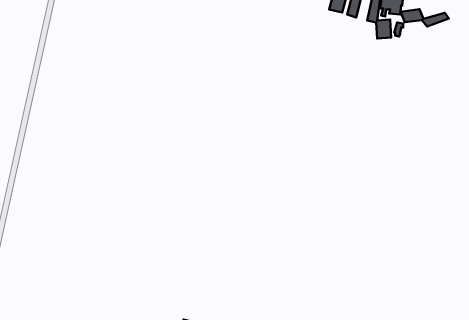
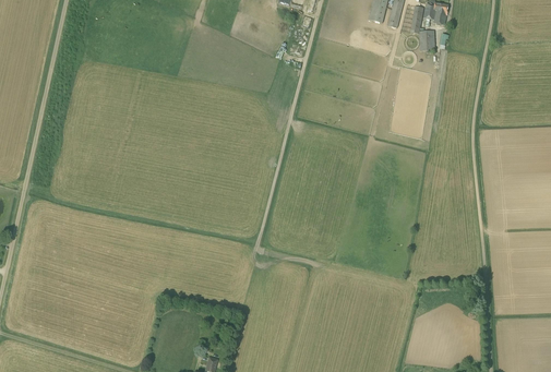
building: [401,9,449,26] -> none

